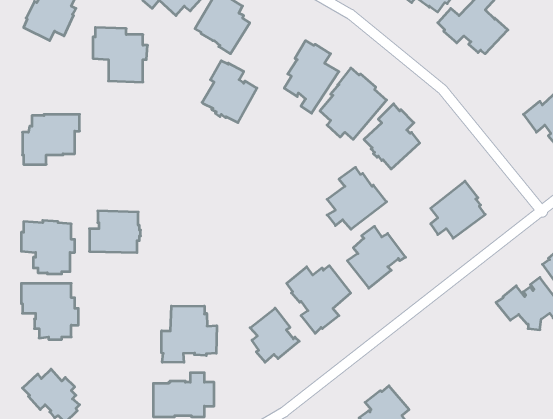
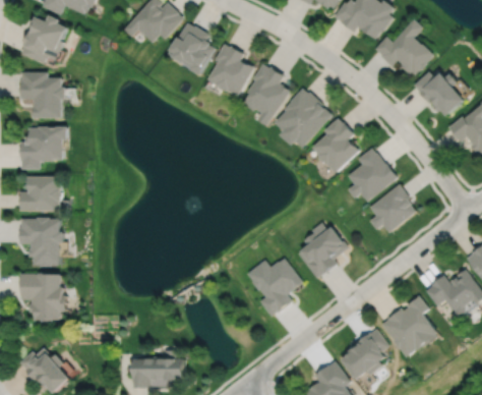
building: [93,27,148,82] -> [20,72,67,119]
building: none -> [414,71,467,117]
building: [202,61,257,123] -> [207,44,254,97]
building: [327,167,387,229] -> [347,149,398,202]
building: [89,211,141,253] -> [20,177,64,213]
building: [162,306,217,362] -> none
building: [250,308,299,362] -> none
building: none -> [381,293,438,354]
building: none -> [342,327,388,377]

